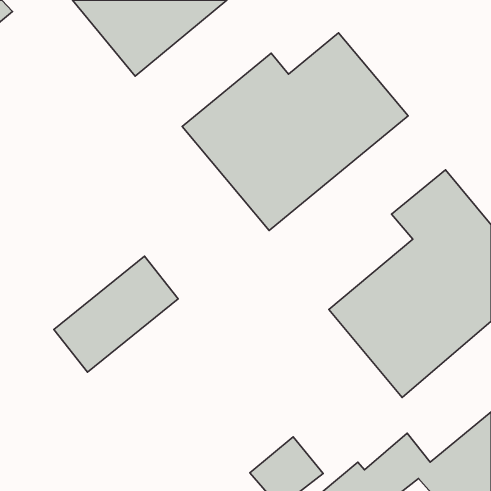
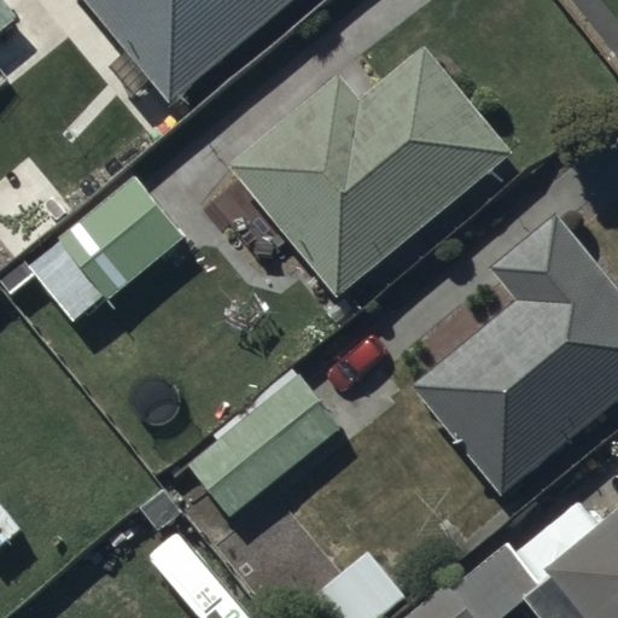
building: none -> [25,176,185,321]
building: [54,256,178,372] -> [183,375,339,520]

